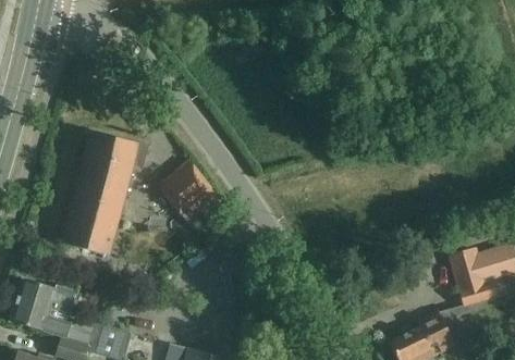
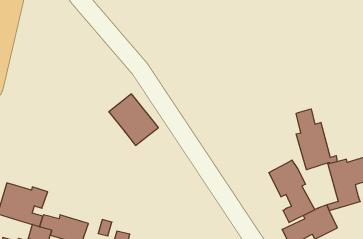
building: [64,131,149,253] -> none
building: none -> [296,109,337,170]
building: none -> [269,160,315,223]

